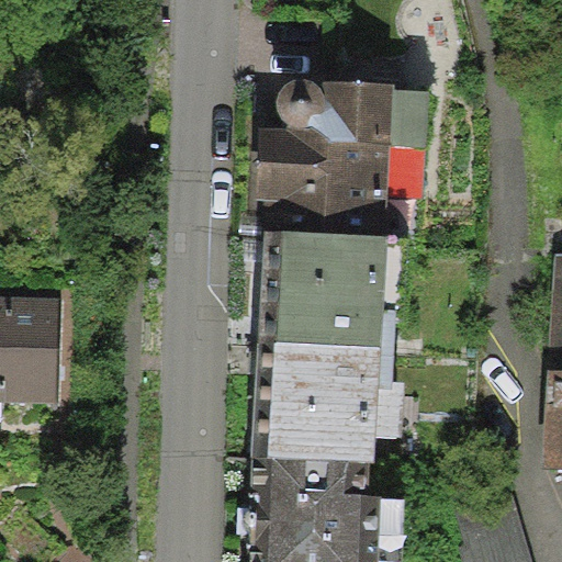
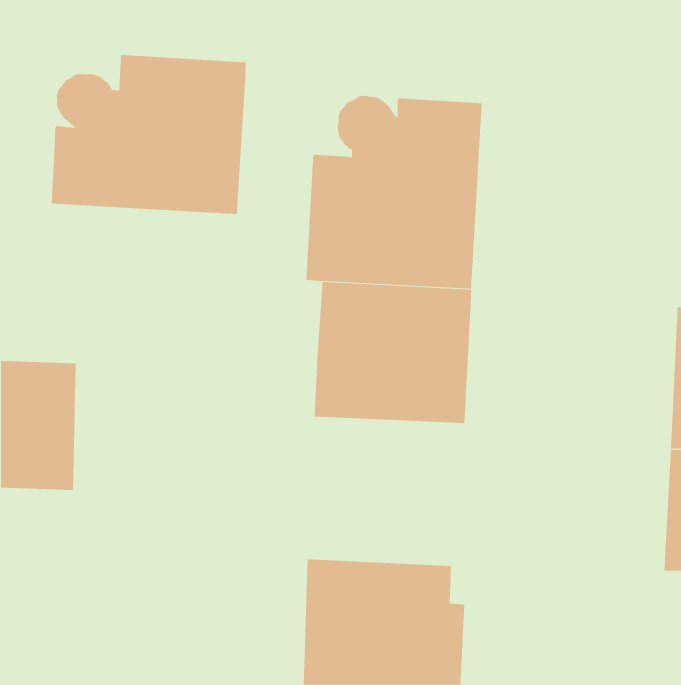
building: none -> [51,54,246,215]
building: [255,341,408,463] -> none

